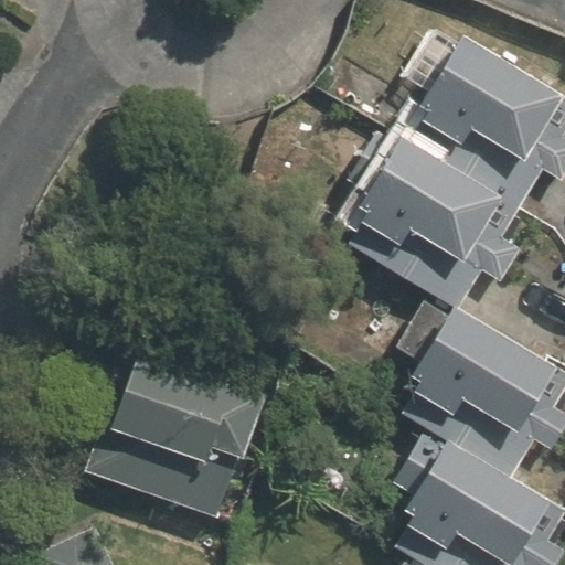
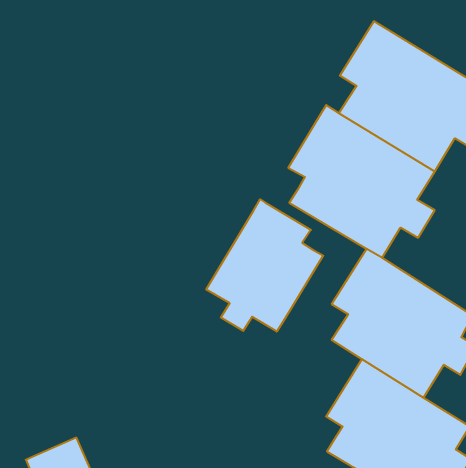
building: none -> [206,199,323,332]
building: [92,312,265,515] -> none

